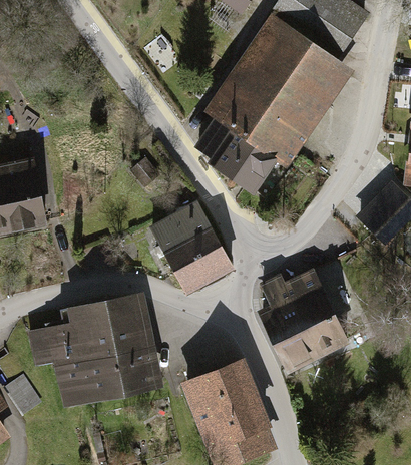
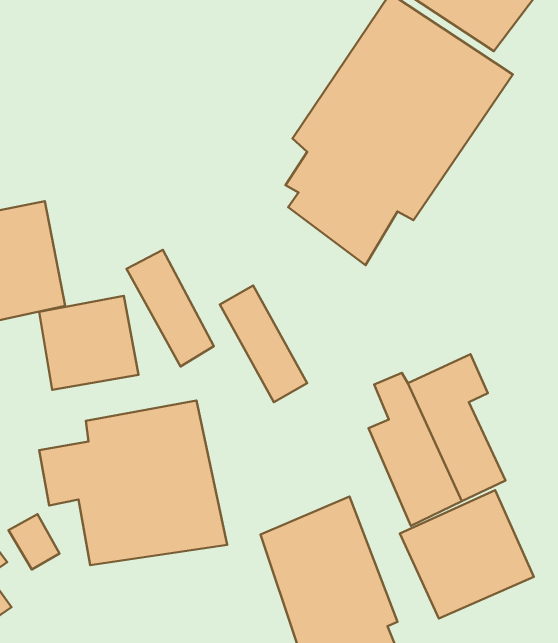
building: [176,200,237,281] -> [127,250,214,366]
building: none -> [39,296,138,390]
building: none -> [400,490,534,618]

